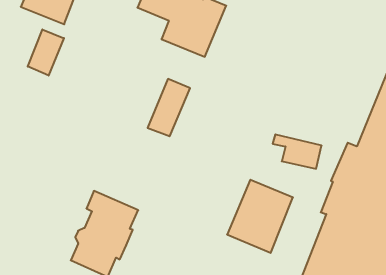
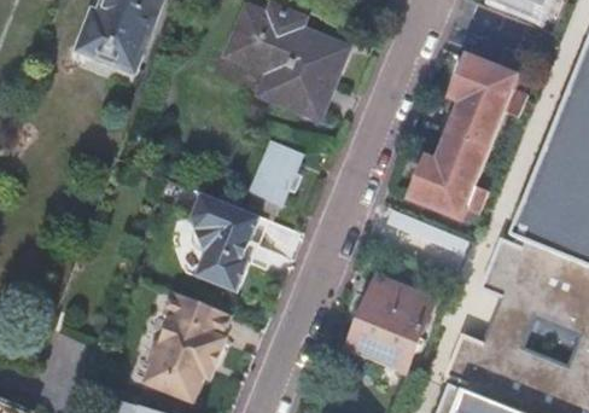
building: none -> [408,56,517,219]
building: [28,29,64,76] -> none
building: none -> [189,192,259,292]

